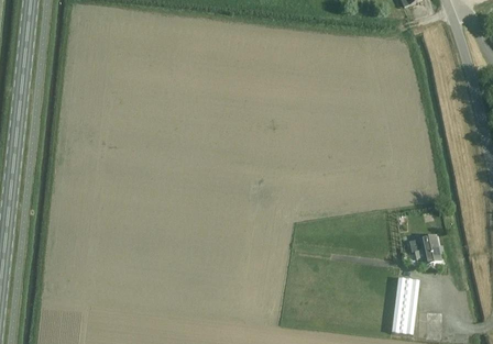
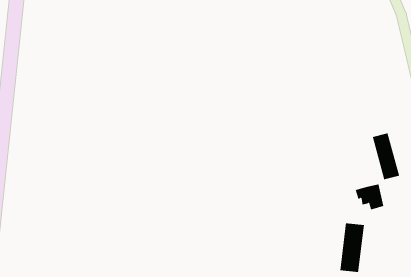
building: none -> [372,132,400,180]

